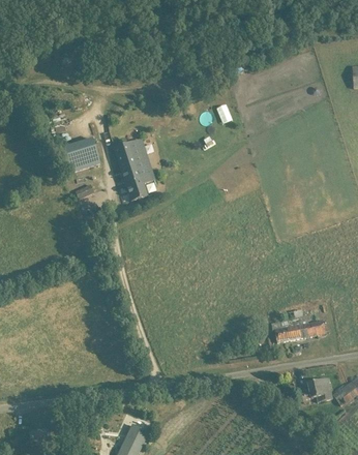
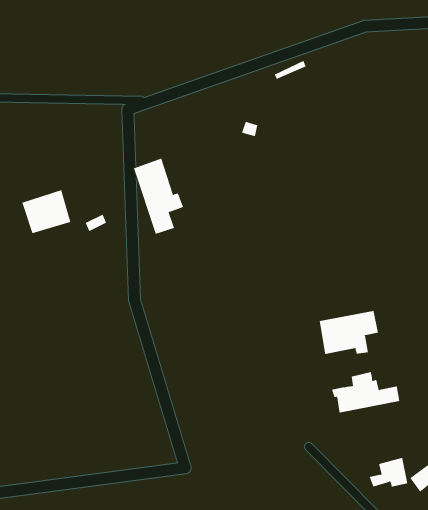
building: [61,136,100,172] -> [22,189,71,234]
building: none -> [319,310,378,355]

